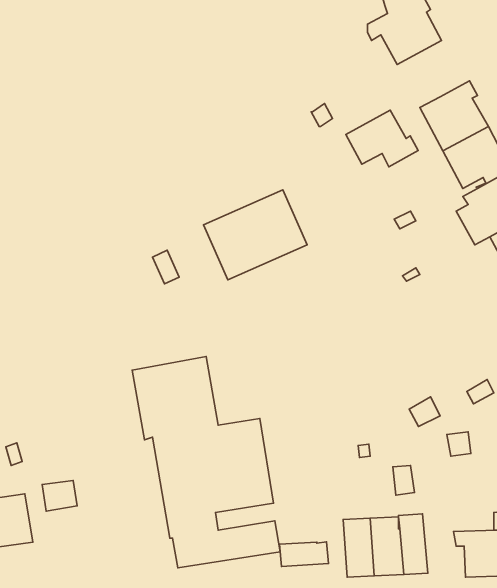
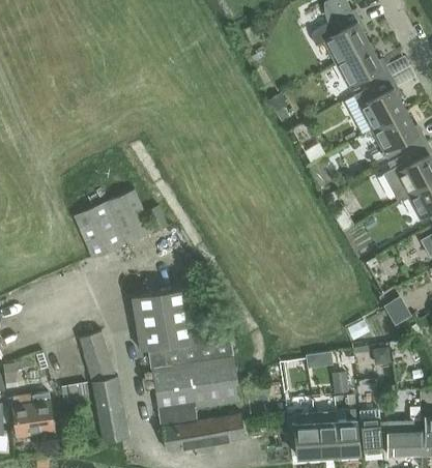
building: [346,110,418,167] -> [336,45,392,88]
building: [204,190,307,280] -> [74,189,153,259]
building: none -> [80,331,129,443]
building: none -> [359,409,382,454]
building: [279,542,329,567] -> none

